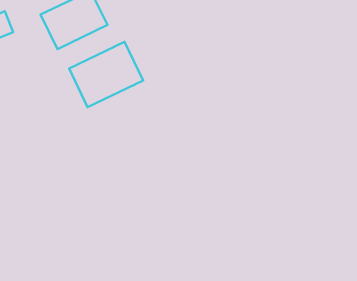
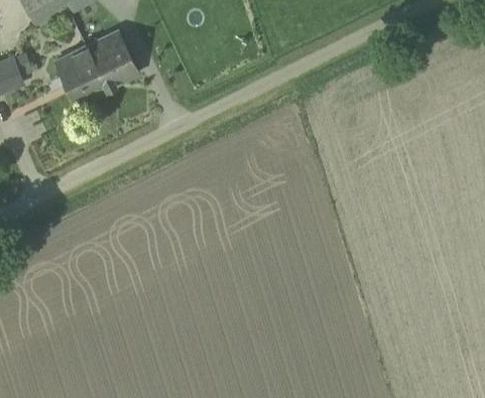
building: [69,42,143,107] -> none

